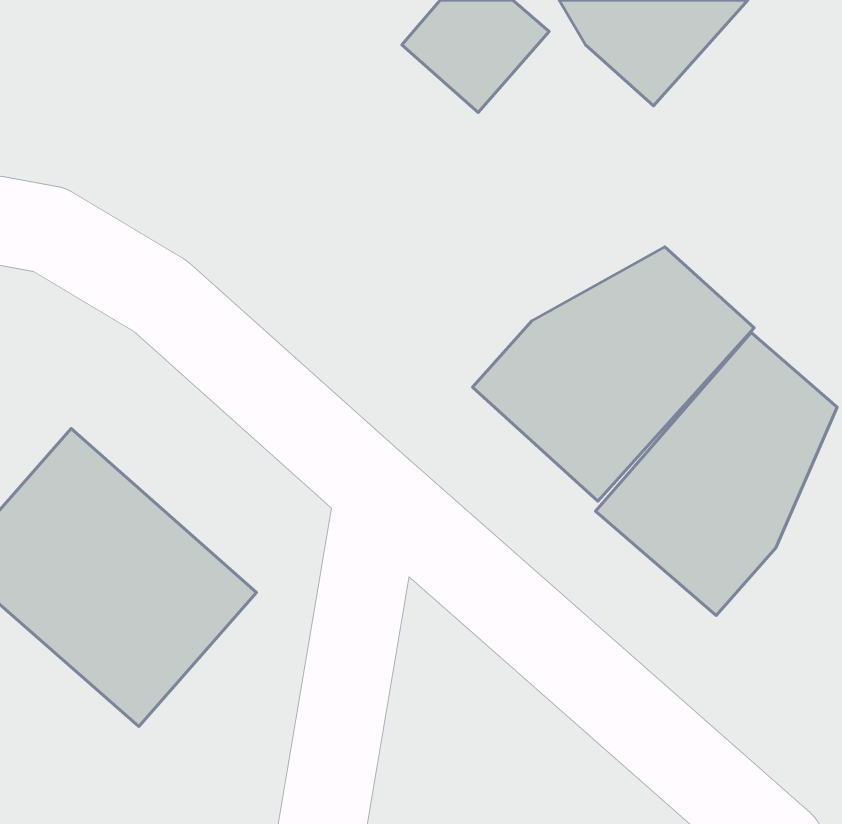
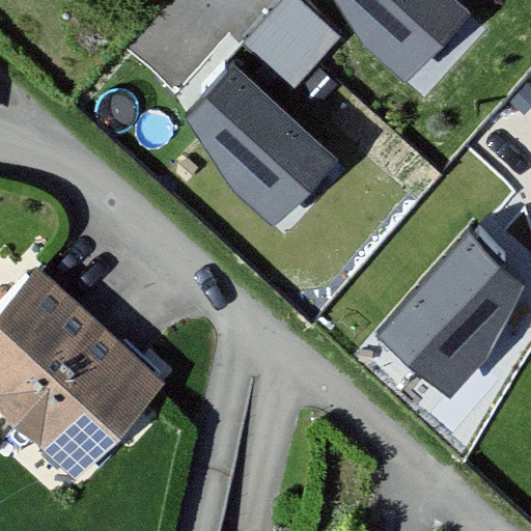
building: none -> [187,57,345,231]
building: [473,247,754,501] -> none

